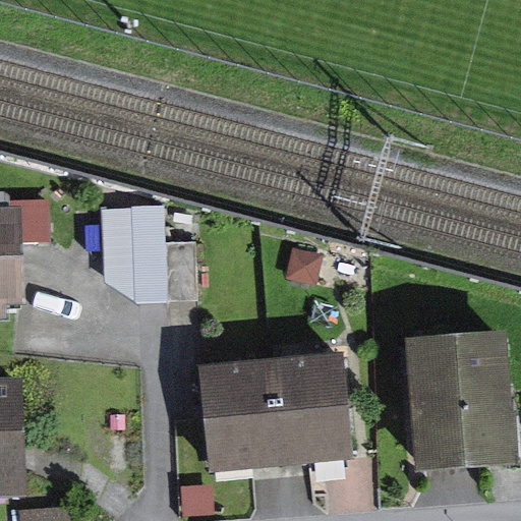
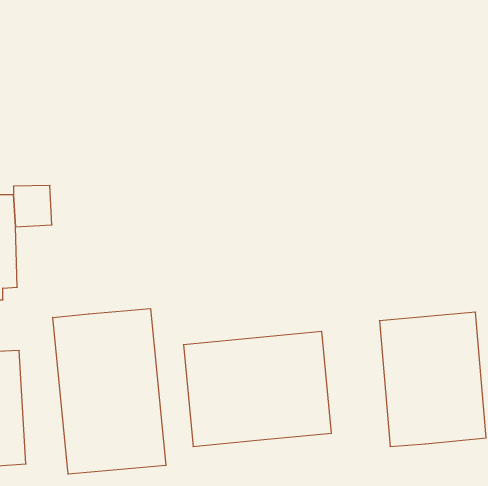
building: [105,206,205,300] -> none
building: none -> [53,309,166,474]

